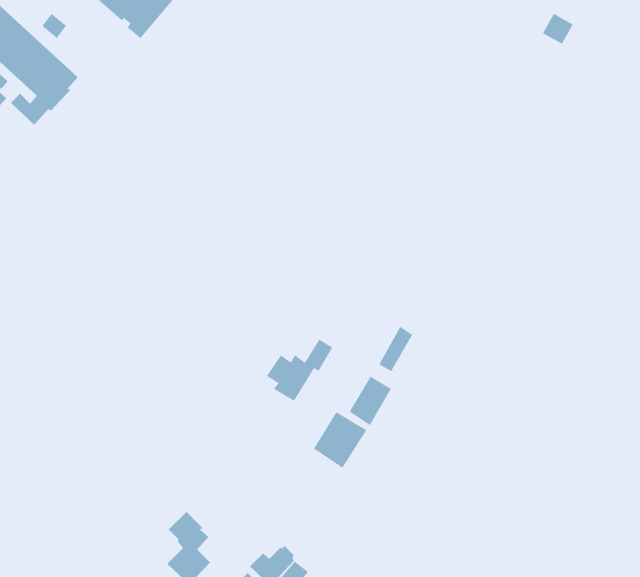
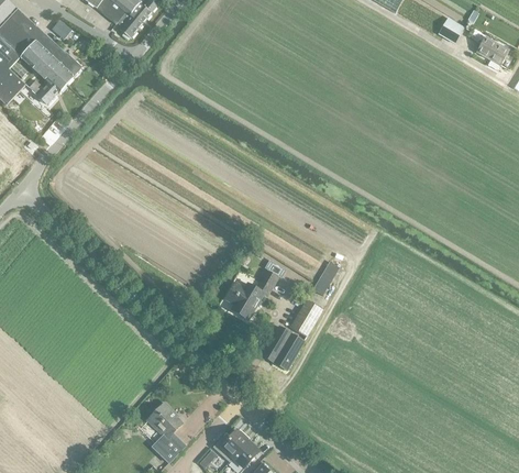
building: none -> [476,35,508,65]

